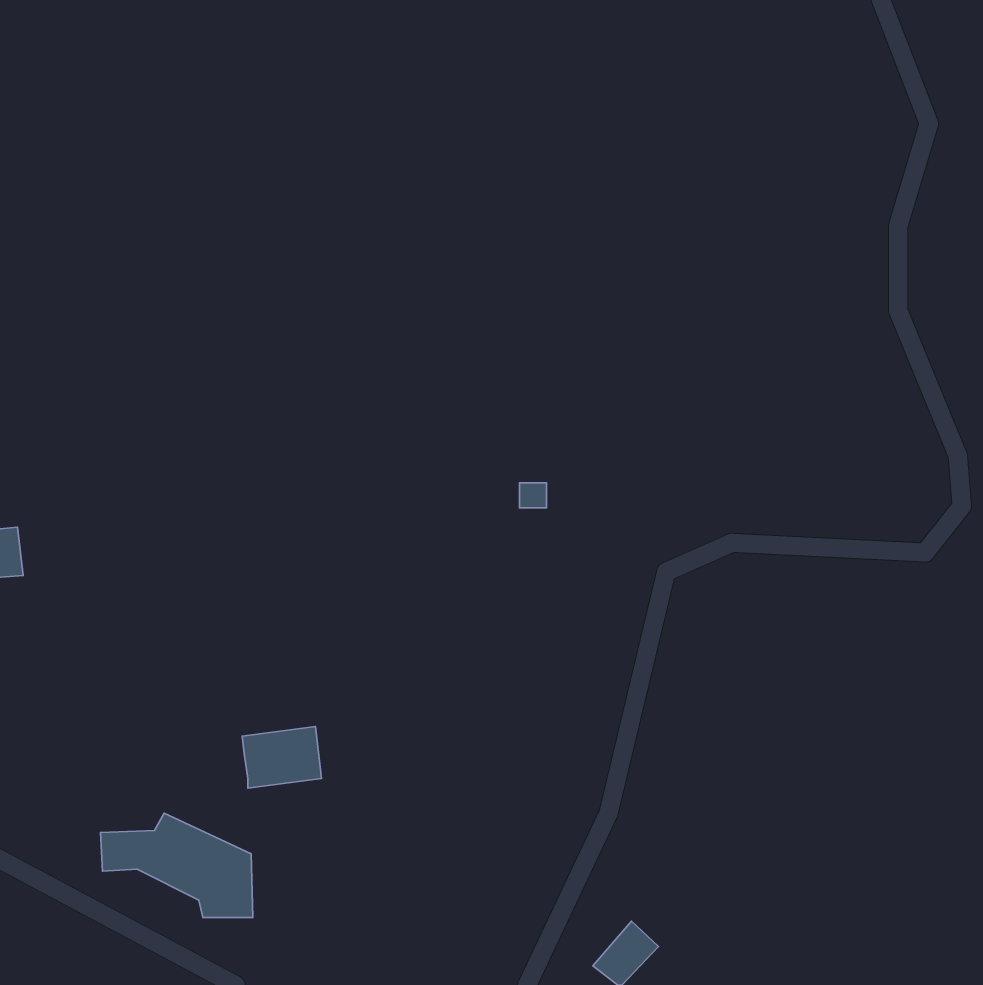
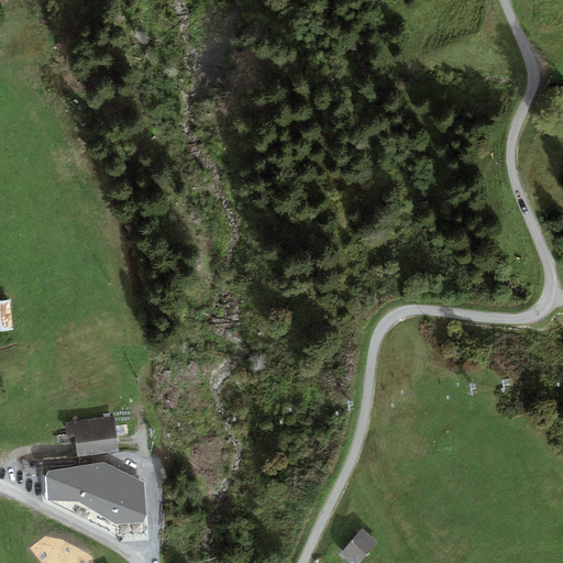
building: [242,726,321,788] -> [69,418,114,453]

